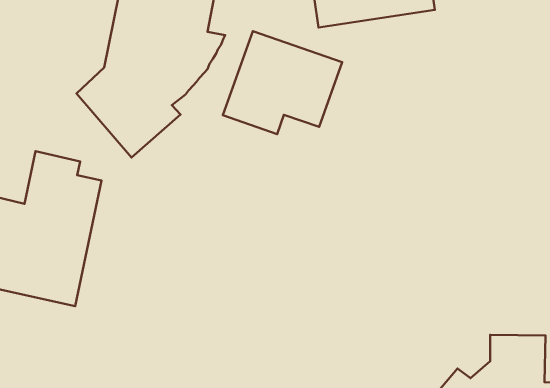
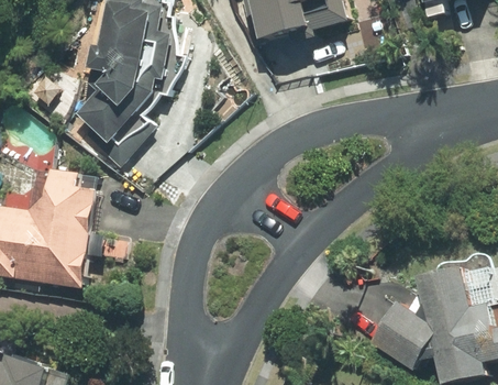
building: [223,31,342,134] -> none

